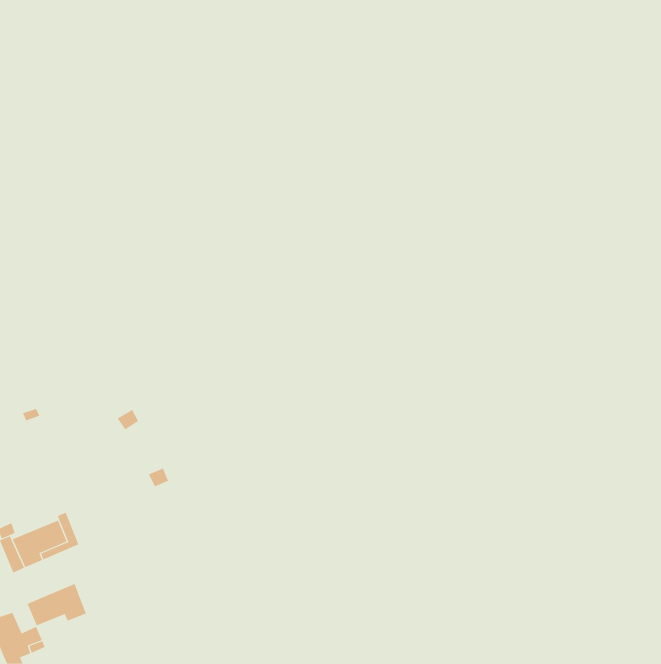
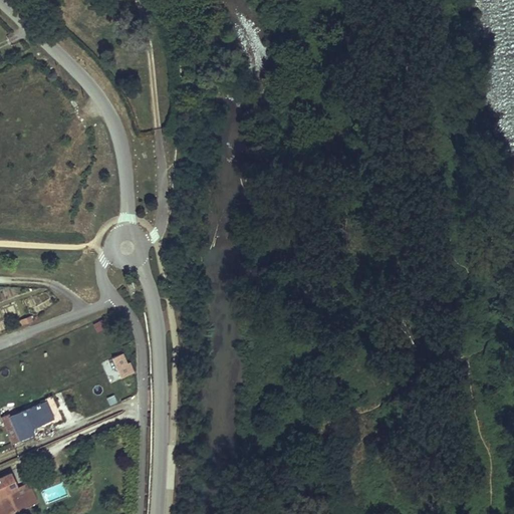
building: [27,583,86,626] -> none

